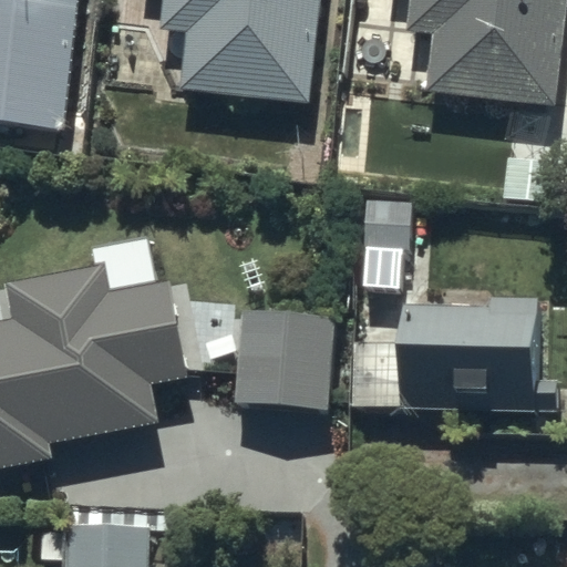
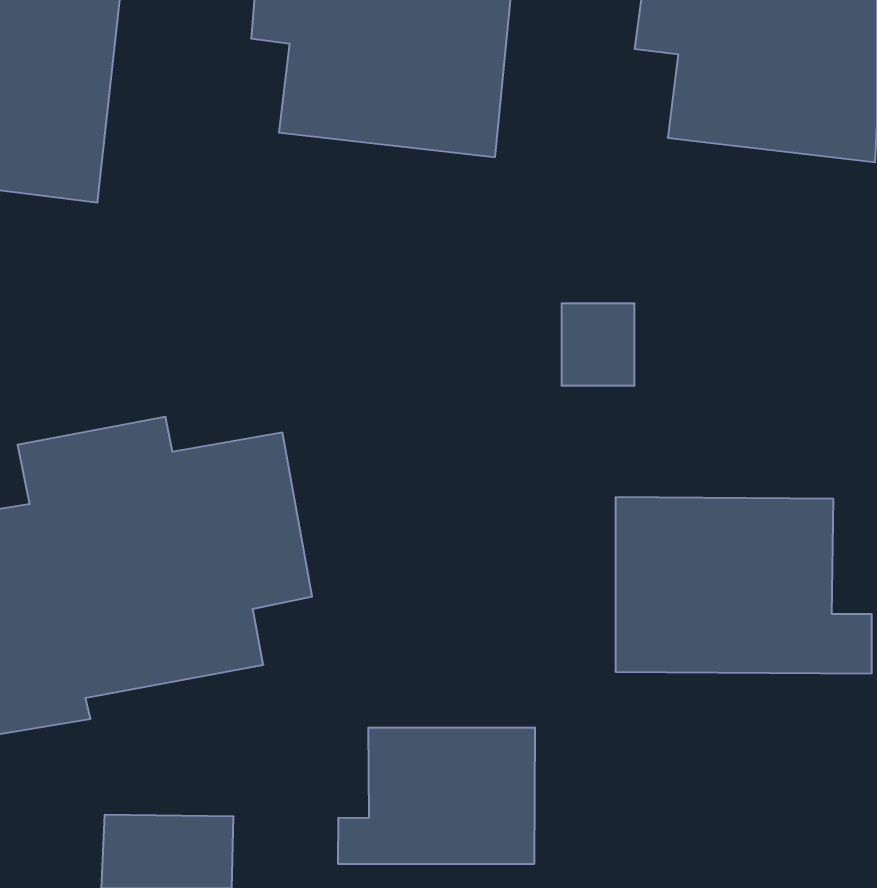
building: [224,303,329,404] -> none
building: none -> [338,727,535,864]

